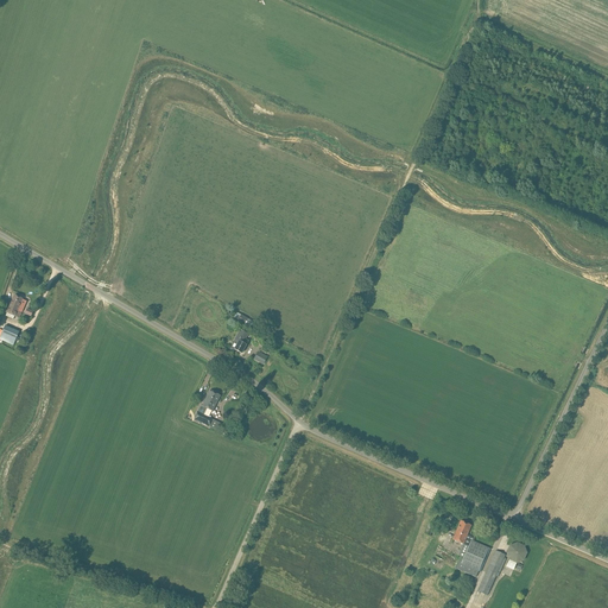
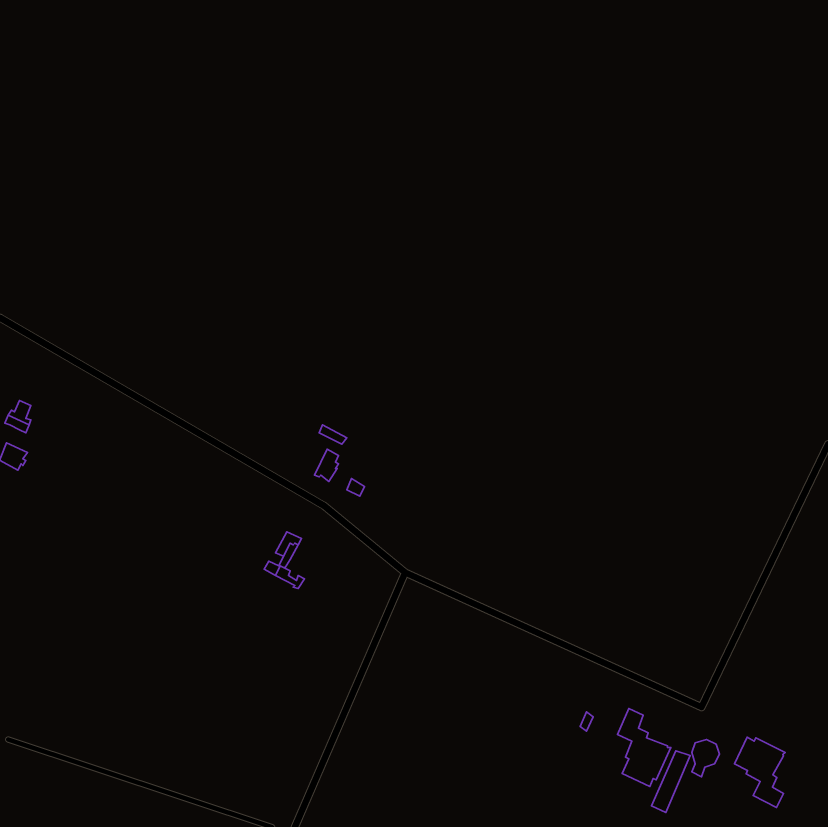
building: none -> [734,737,785,807]

